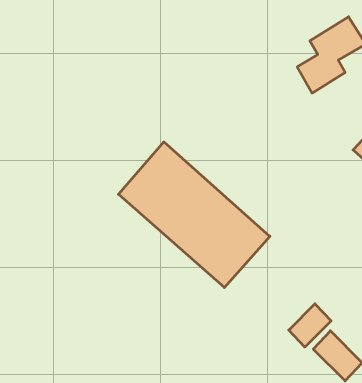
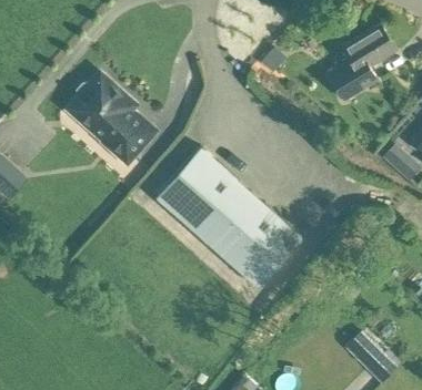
building: none -> [61,68,159,167]
building: [289,304,331,347] -> none

